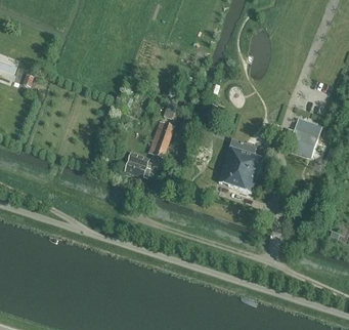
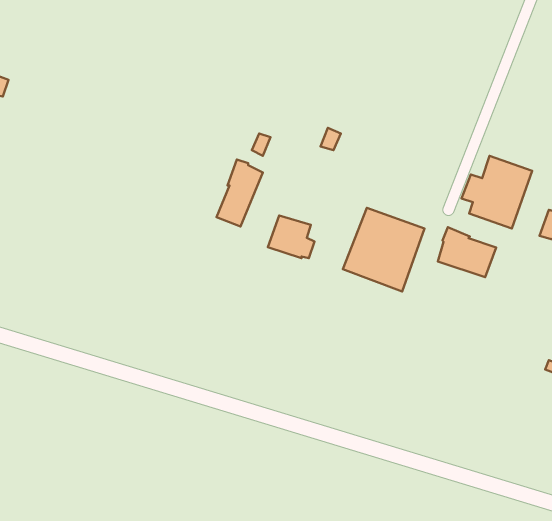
building: [125,154,150,177] -> [268,216,314,258]
building: none -> [438,227,496,277]

